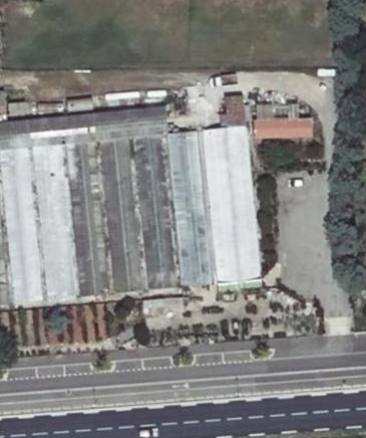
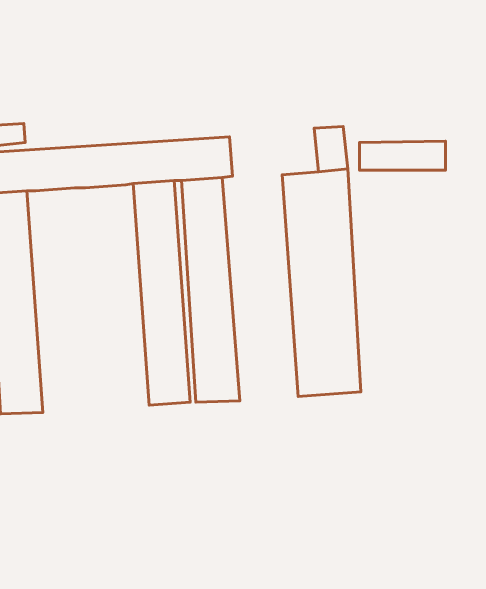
building: [168,139,207,293] -> none
building: [67,146,106,300] -> none
building: [33,148,71,301] -> none

